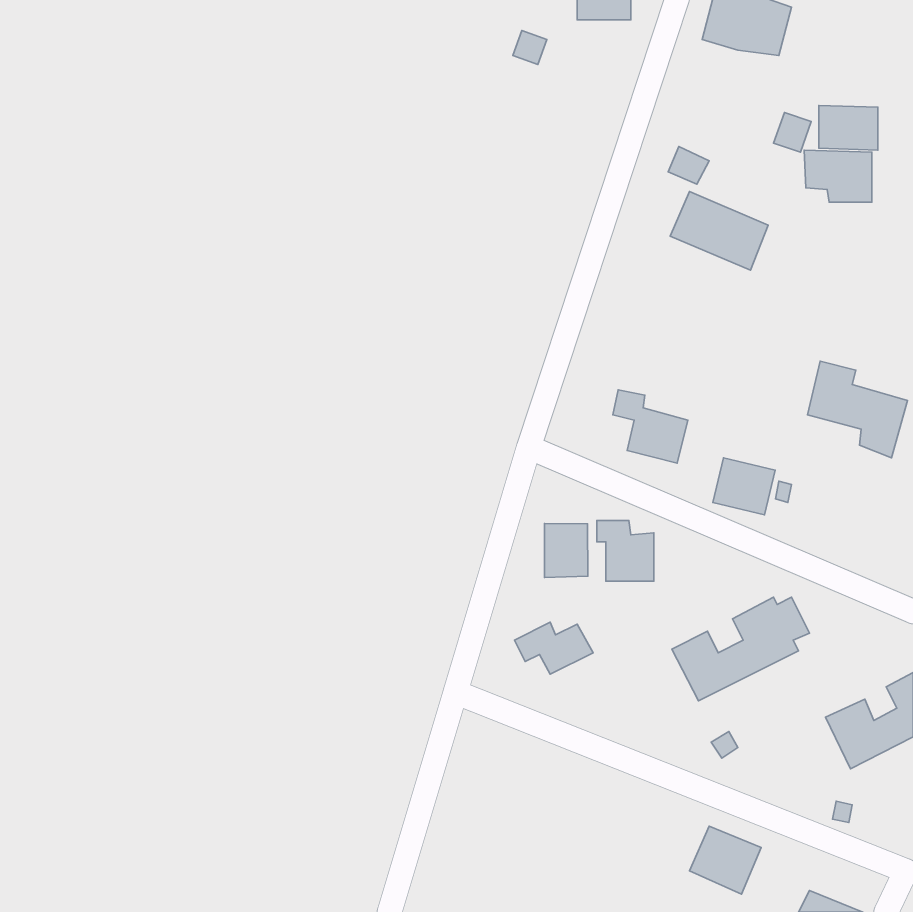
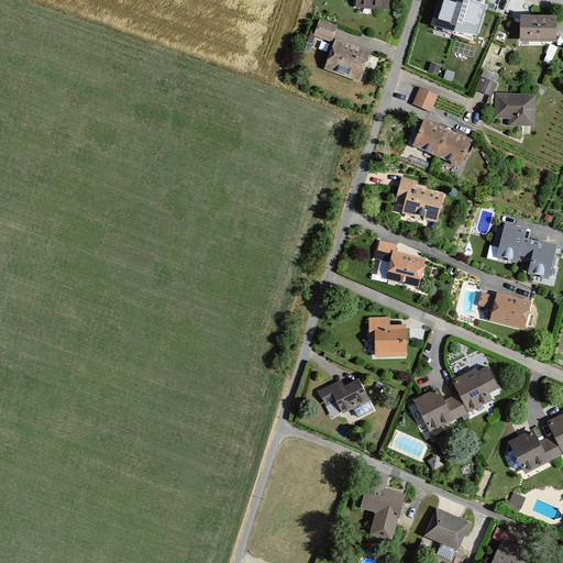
building: none -> [327,38,369,80]
building: [819,105,878,150] -> [520,14,556,42]
building: none -> [396,176,442,221]
building: [713,458,775,515] -> [490,292,529,328]
building: [545,523,588,577] -> none
building: none -> [362,471,404,541]

